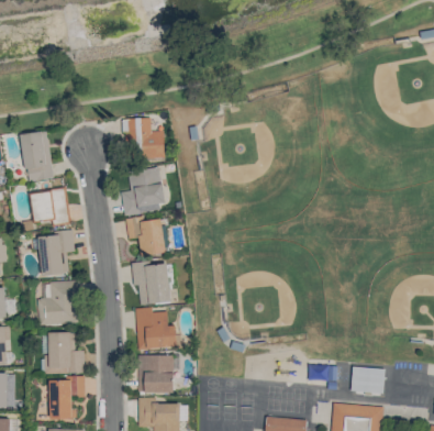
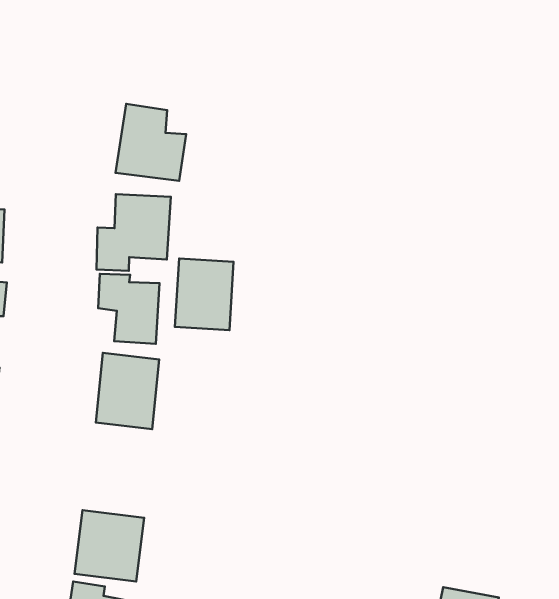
building: none -> [175,258,234,330]
building: [136,307,177,349] -> none

